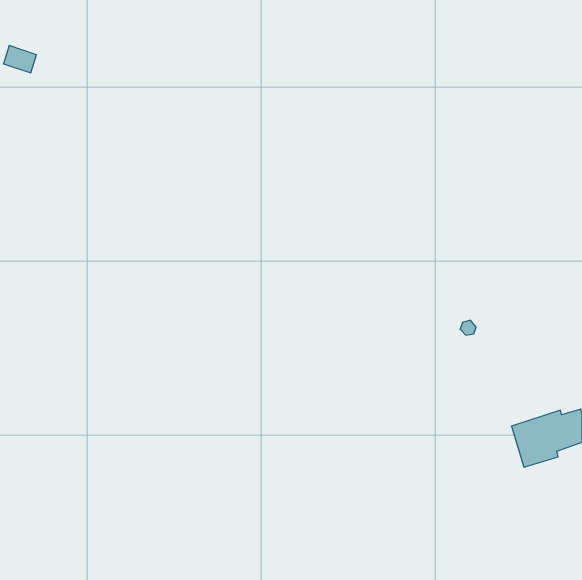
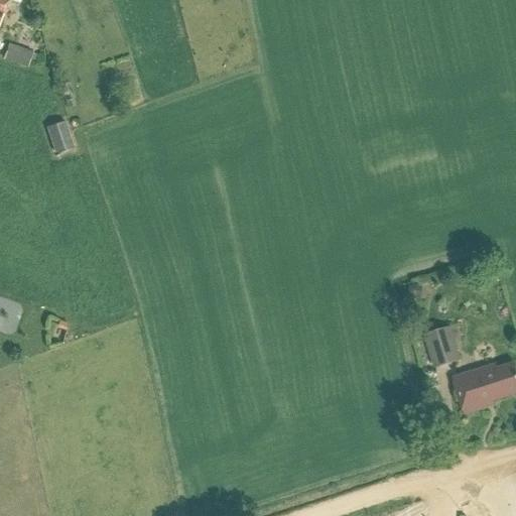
building: none -> [44,119,74,152]
building: none -> [423,325,461,367]

